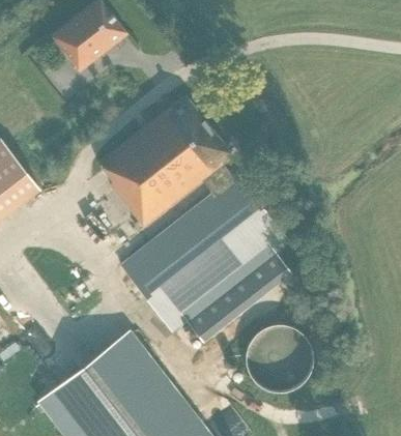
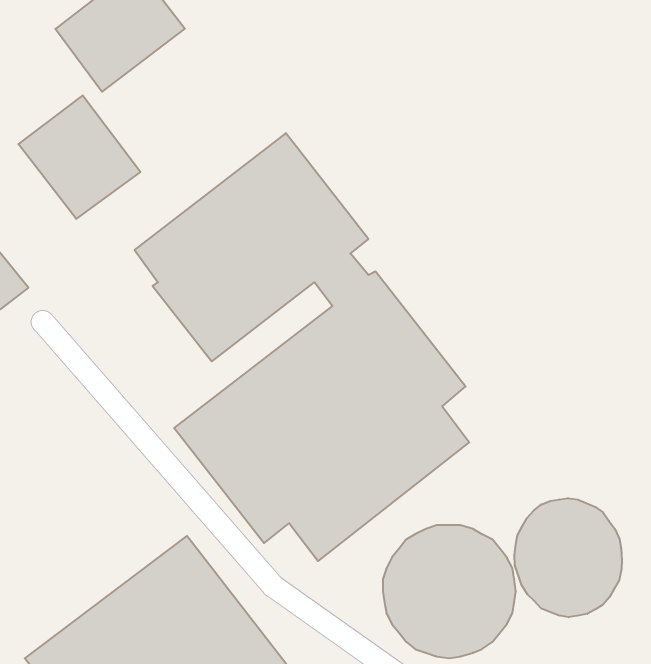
building: none -> [18,95,140,219]
building: none -> [515,498,622,617]

